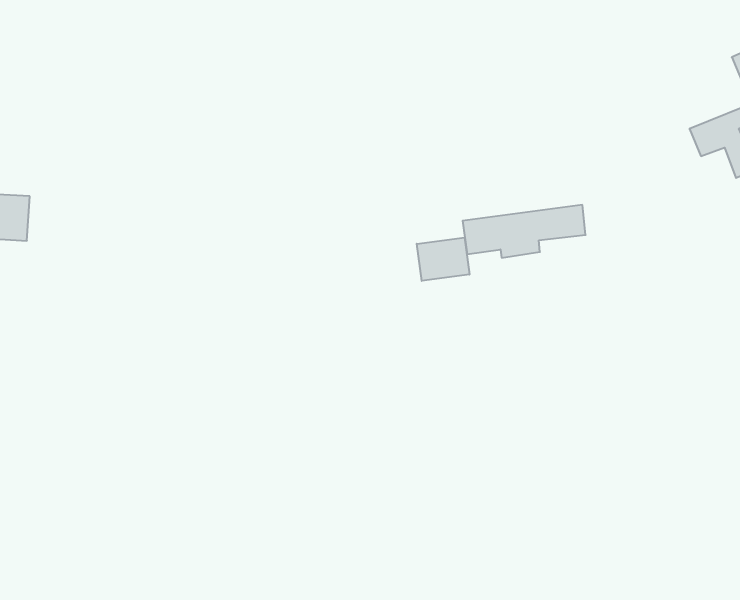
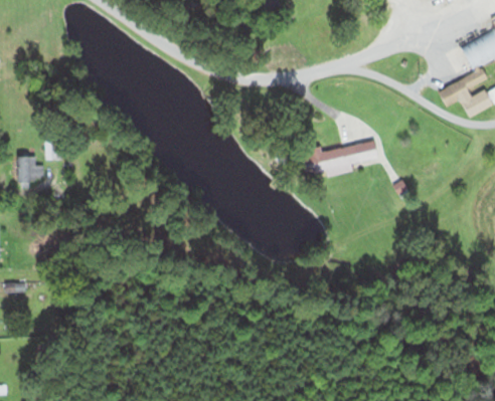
building: [417,237,469,281] -> none

